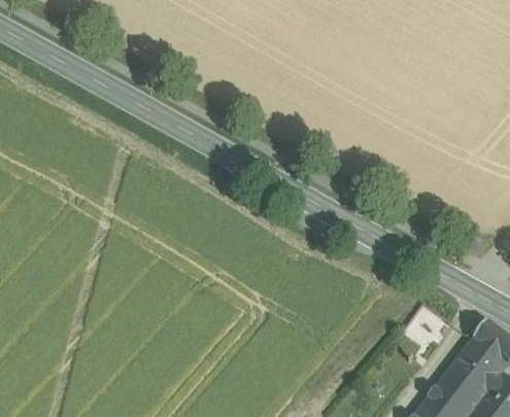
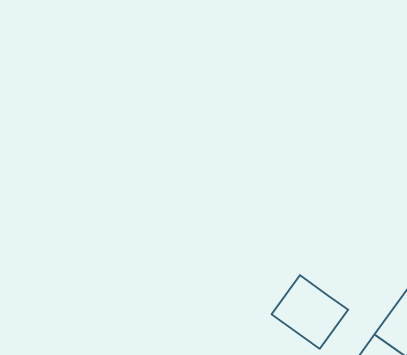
building: none -> [272,275,348,349]

